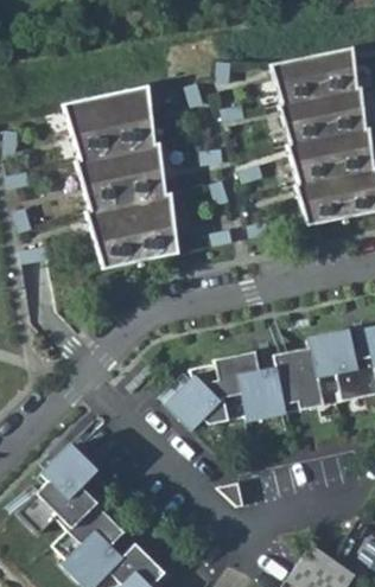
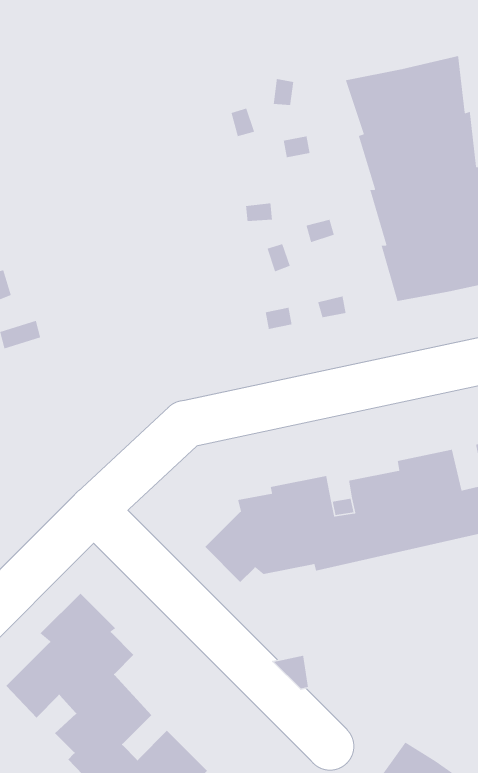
building: [62,84,178,269] -> none

